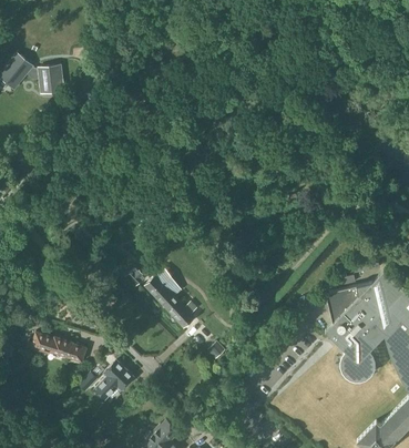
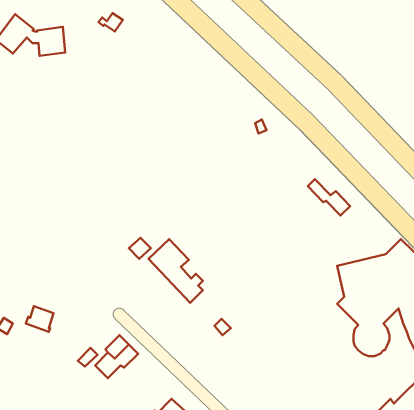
building: none -> [308,179,350,216]
building: [50,337,88,364] -> none

